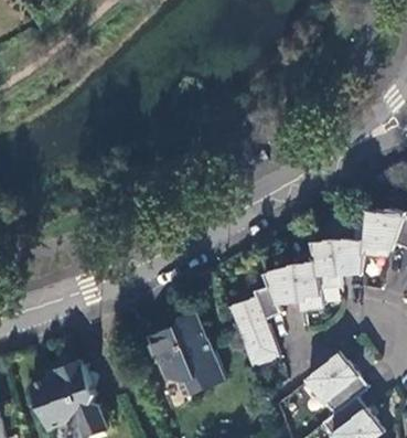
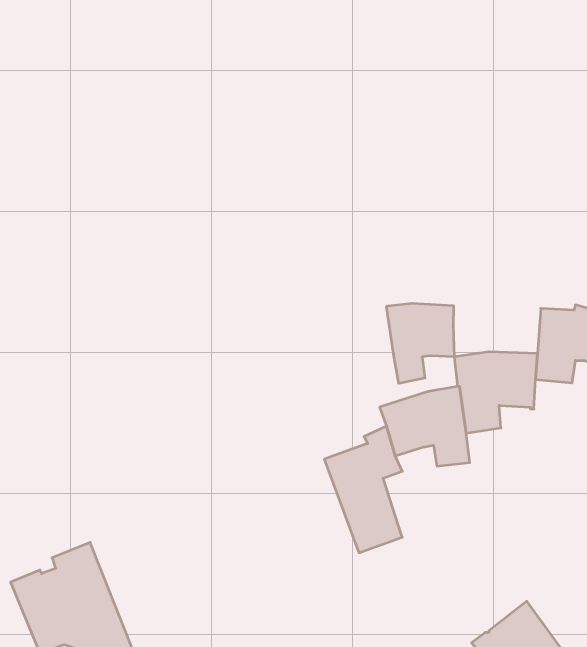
building: none -> [387,303,454,383]
building: [147,311,225,395] -> none
building: [306,353,367,416] -> none

